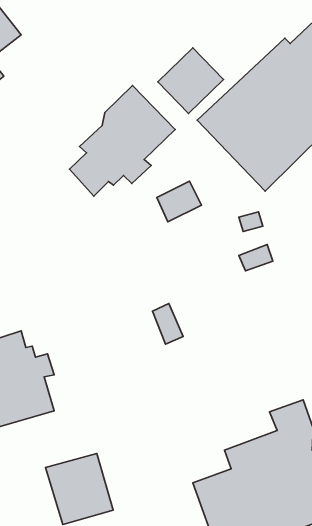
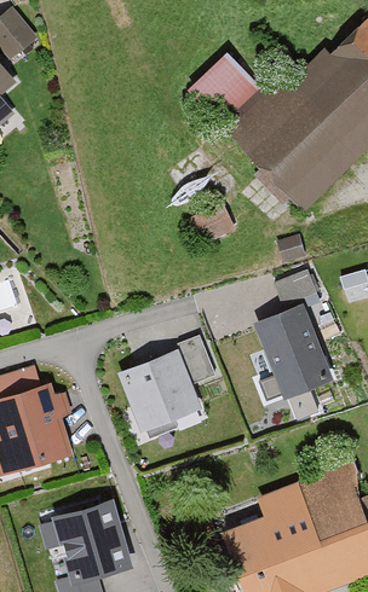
building: [69,85,175,196] -> none
building: none -> [254,304,332,396]
building: none -> [115,349,201,437]

